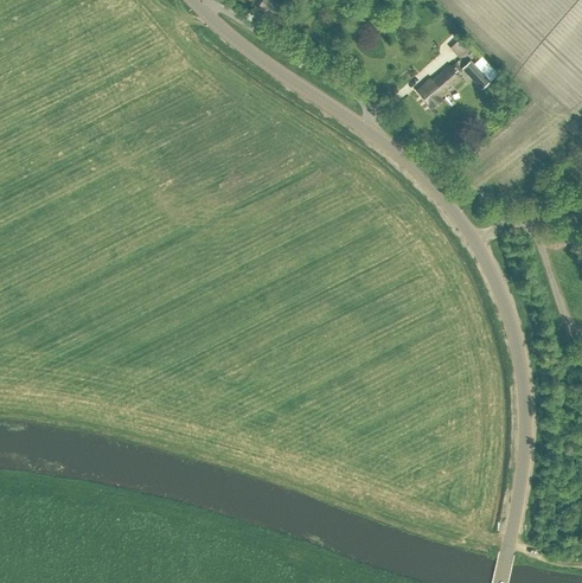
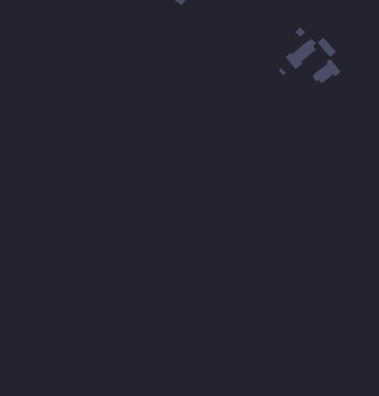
building: none -> [311,58,342,84]

